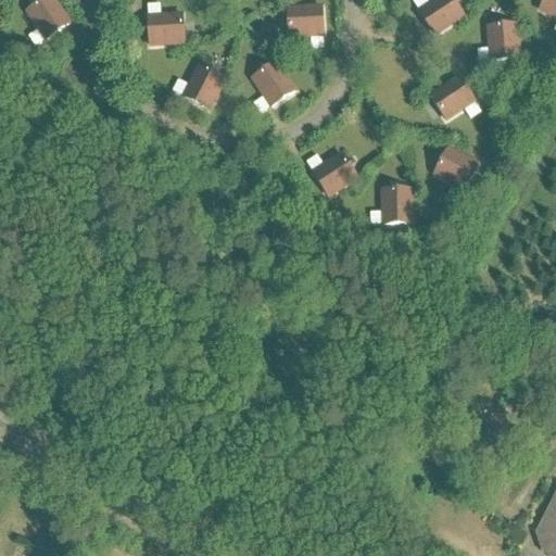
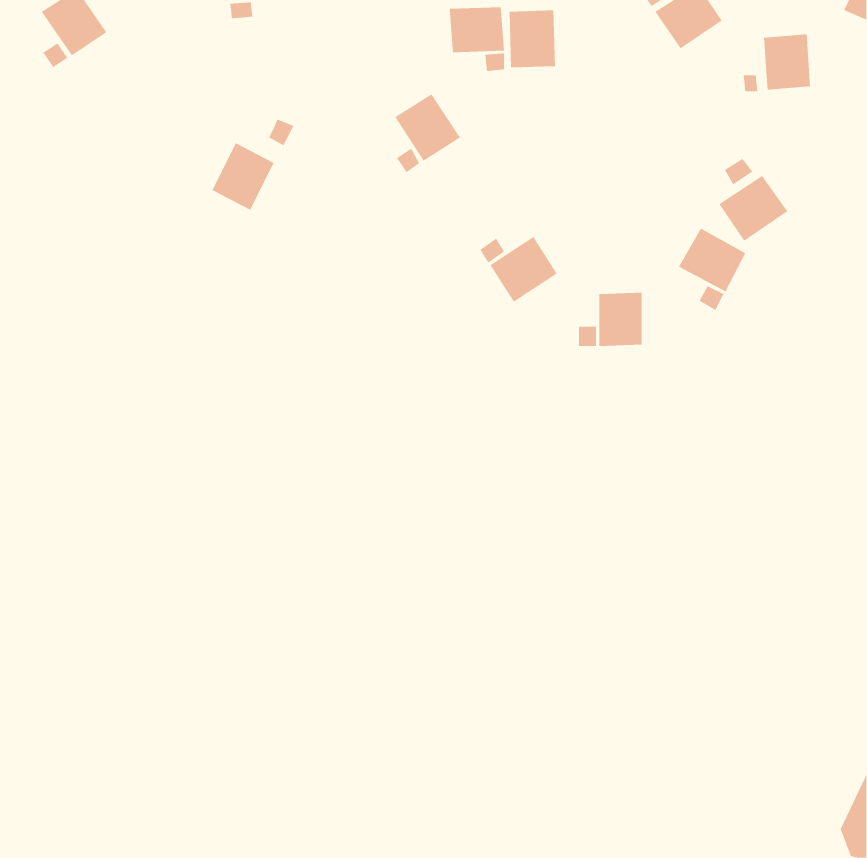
building: none -> [509,10,555,68]
building: [148,12,184,42] -> none
building: [184,63,224,106] -> [212,143,274,210]
building: [429,75,473,117] -> [718,175,788,242]

